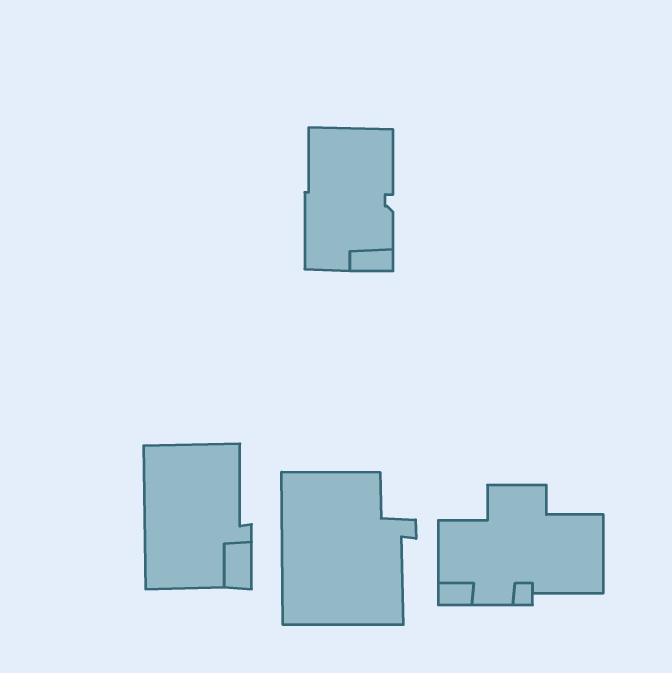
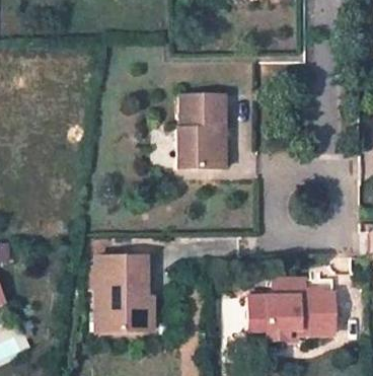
building: [282,472,416,625] -> none

